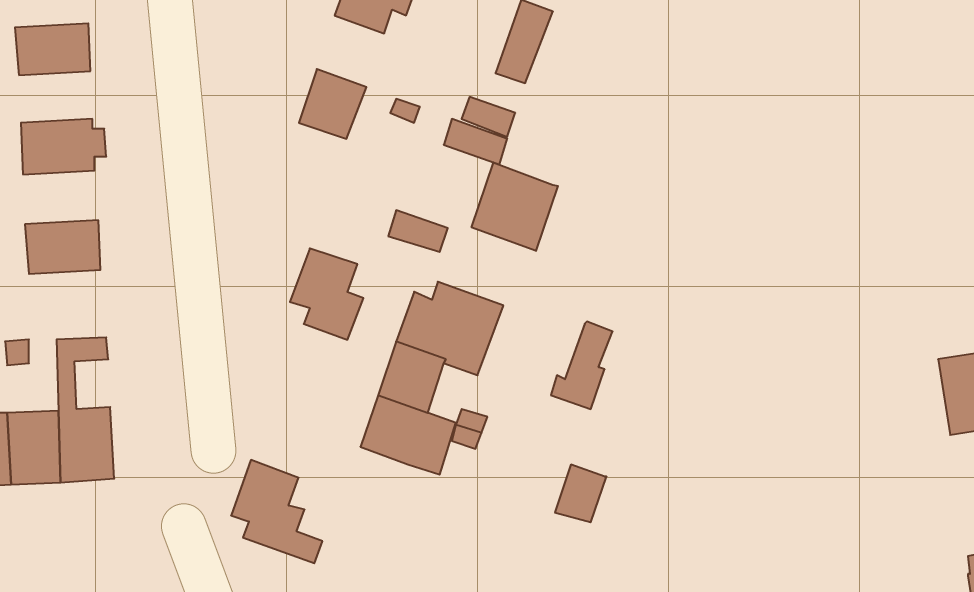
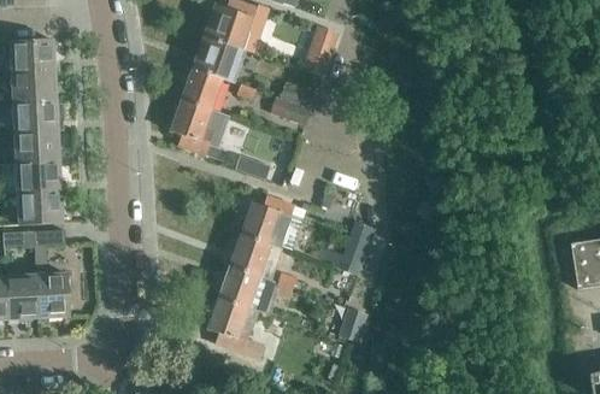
building: none -> [193,34,247,82]
building: none -> [12,67,57,99]
building: [472,162,558,251] -> none
building: none -> [14,128,60,160]
building: [290,248,363,340] -> [170,99,214,154]
building: none -> [18,188,63,224]
building: [231,460,322,563] -> [207,295,263,358]

